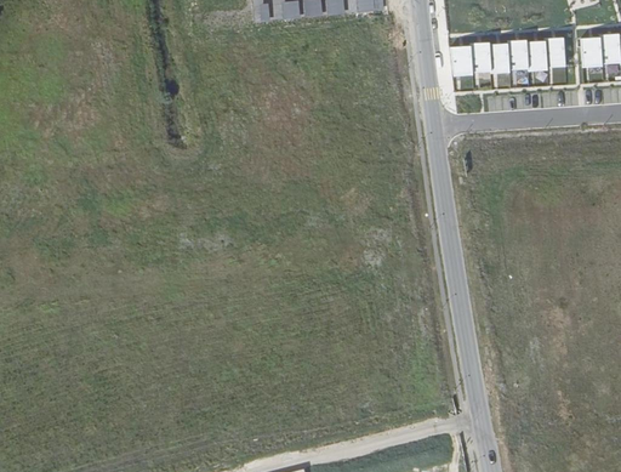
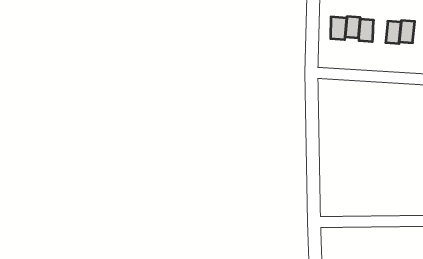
building: [508,40,529,69] -> none

